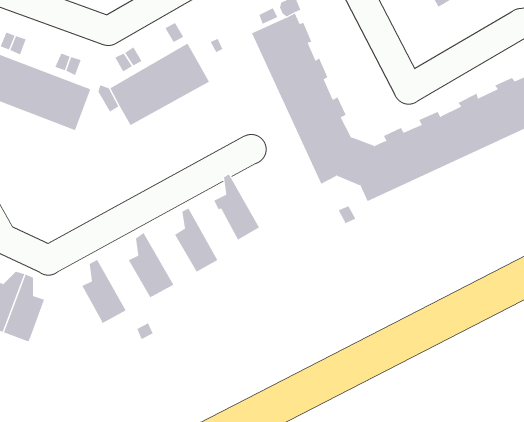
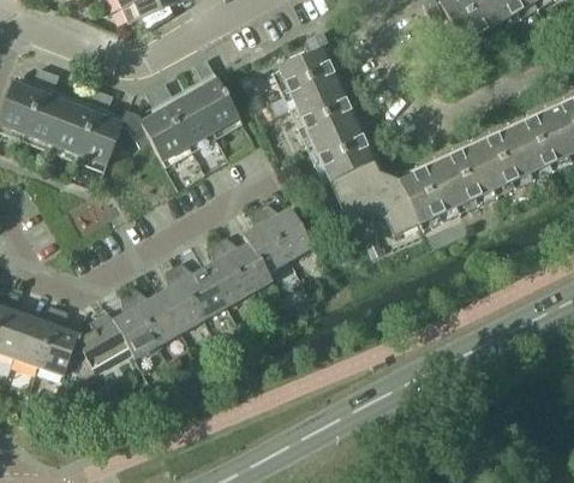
building: none -> [258,203,312,261]
building: none -> [219,237,271,293]
building: none -> [174,262,226,317]
building: none -> [128,288,180,342]
building: none -> [64,310,131,377]

